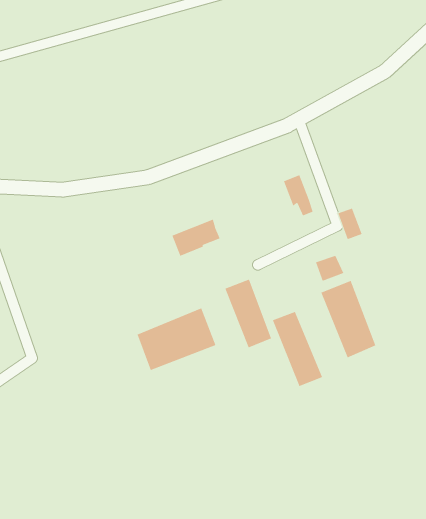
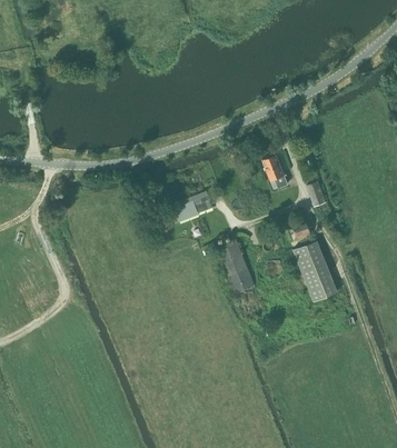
building: [137,307,216,371] -> none
building: [272,311,323,387] -> none

